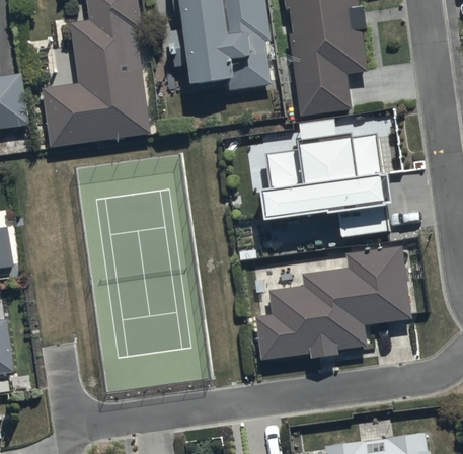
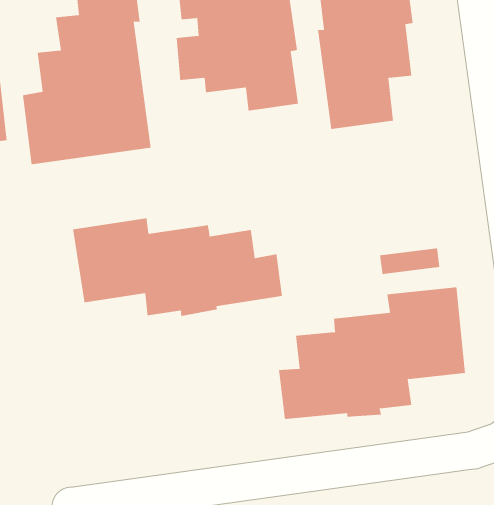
building: [256,140,388,227] -> none
building: none -> [72,217,282,317]

